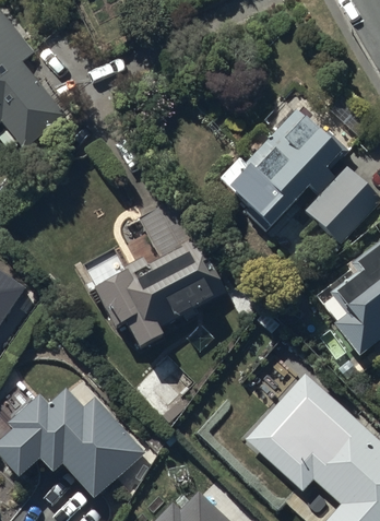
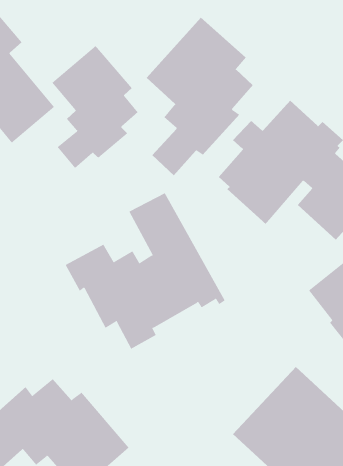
building: none -> [146,17,254,176]
building: none -> [51,45,139,169]

